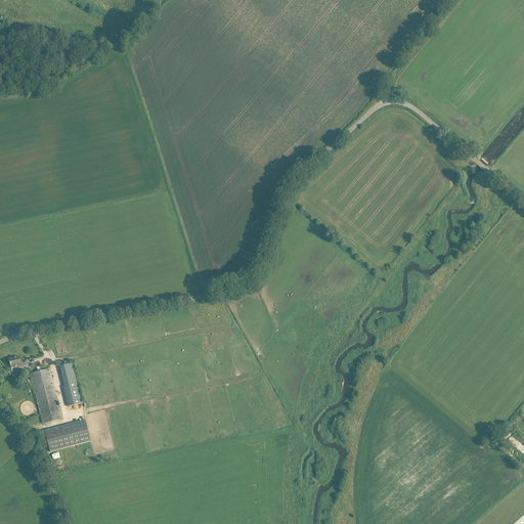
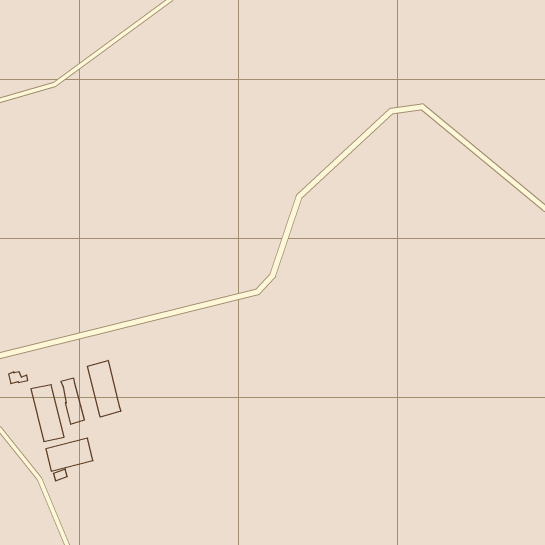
building: none -> [87,360,121,417]

